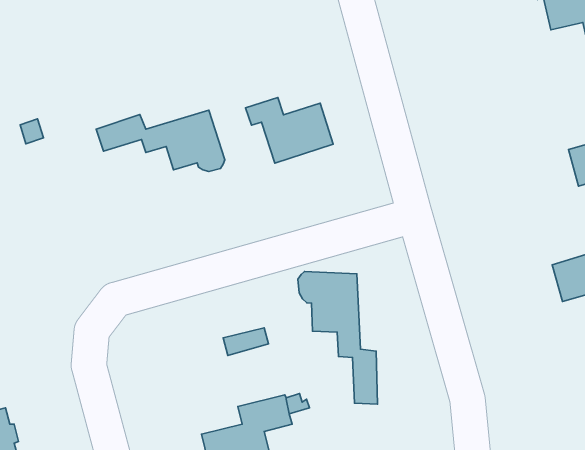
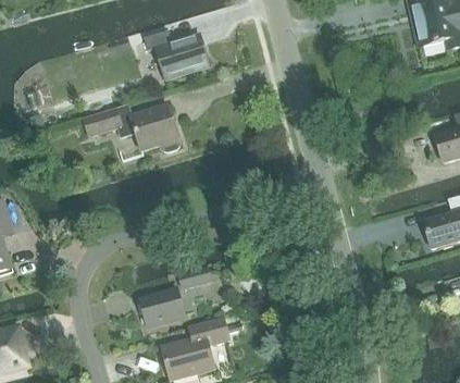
building: [246,97,333,163] -> [144,28,209,77]
building: [298,272,378,404] -> none
building: none -> [139,287,185,325]

